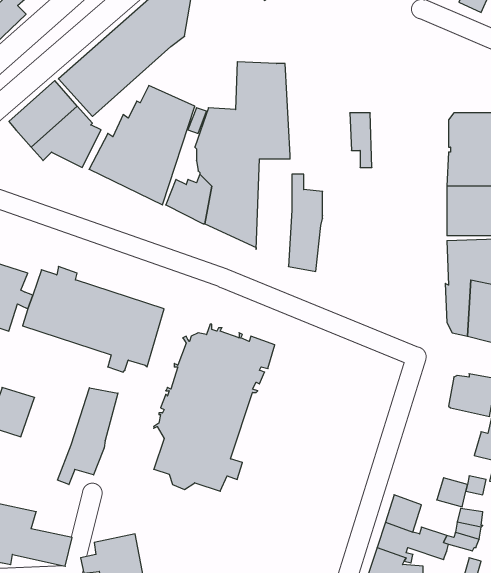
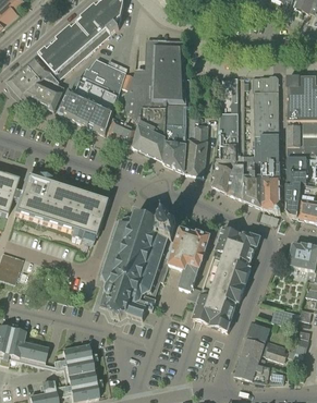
building: none -> [211,76,279,215]
building: none -> [164,106,186,172]
building: none -> [168,228,210,291]
building: none -> [193,229,259,332]
building: [57,388,118,485] -> none

